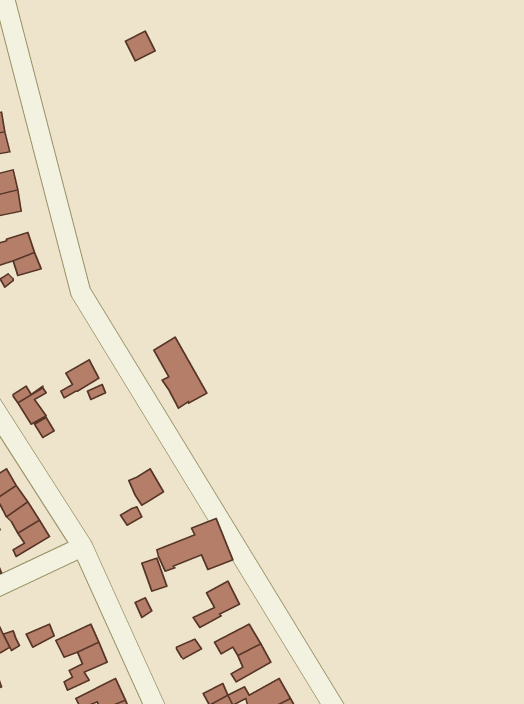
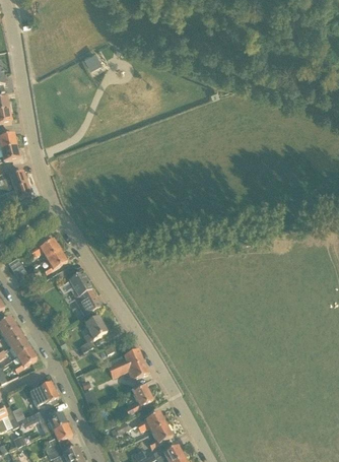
building: [154,337,207,408] -> [69,271,101,315]
building: none -> [27,239,61,258]
building: none -> [29,381,59,411]

